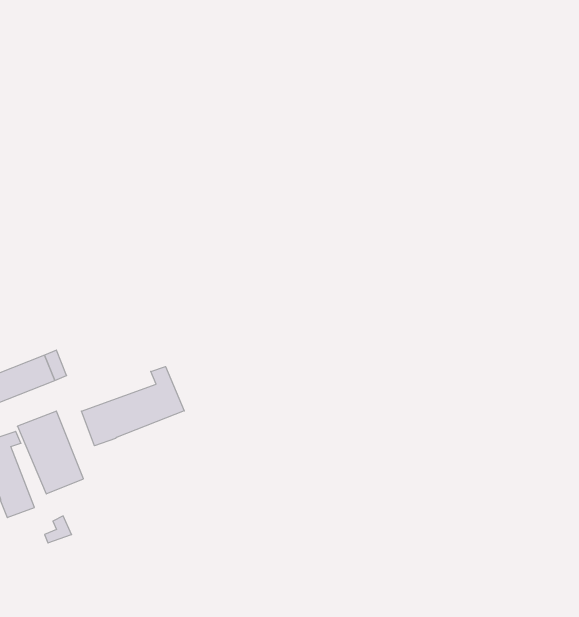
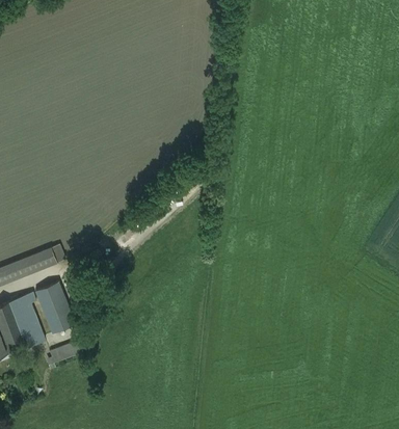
building: [81,367,184,446] -> none

